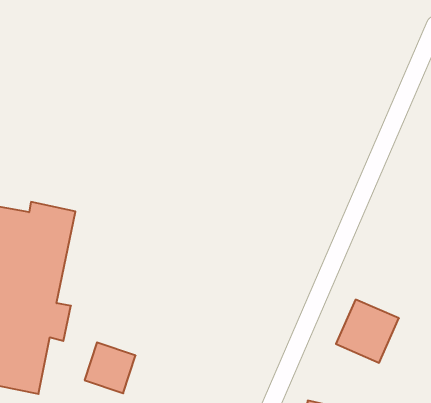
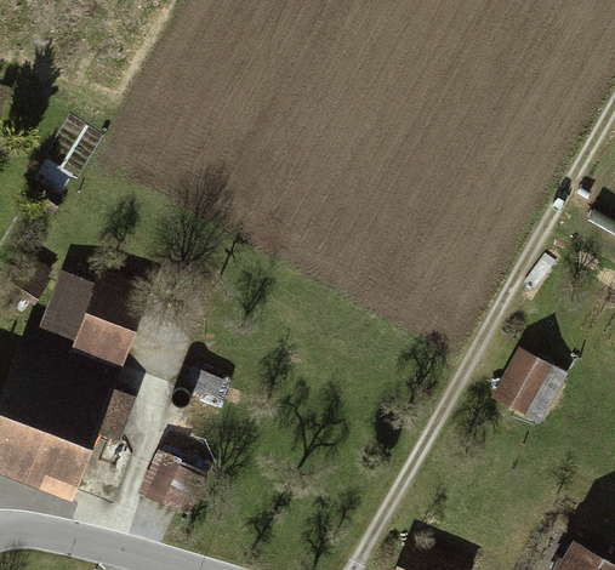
building: [336,300,399,363] -> [488,348,566,427]

